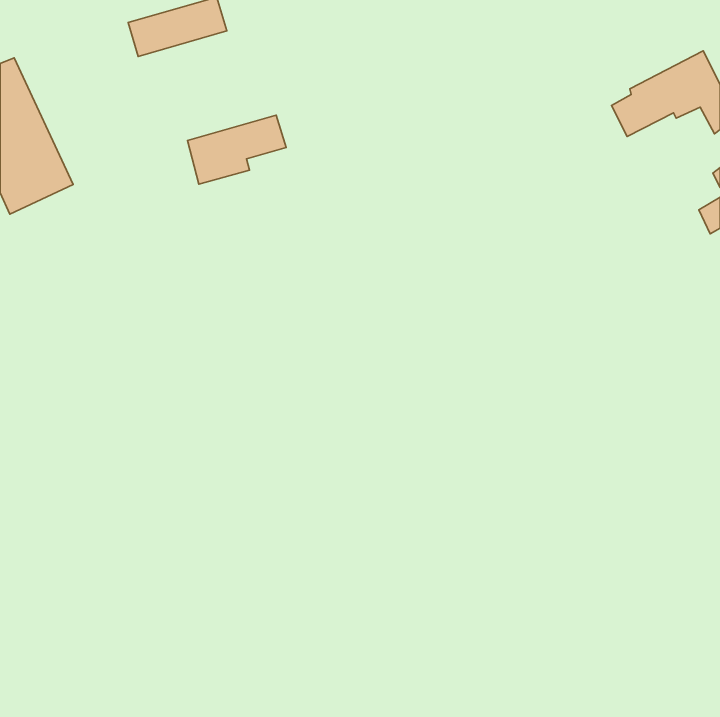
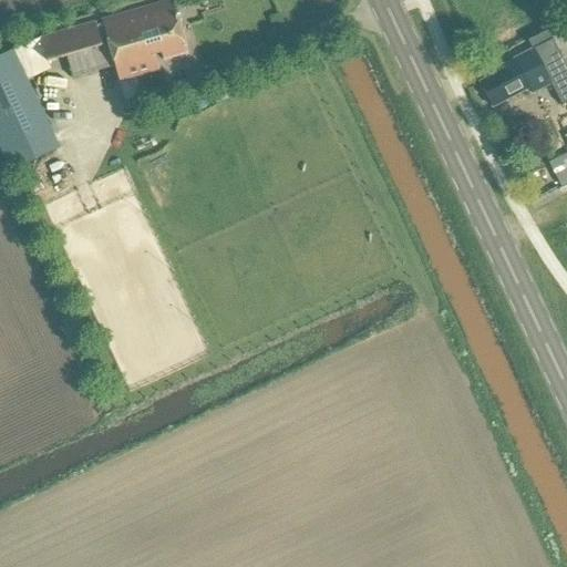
building: none -> [39,19,101,59]
building: [187,115,286,184] -> [109,24,186,79]

